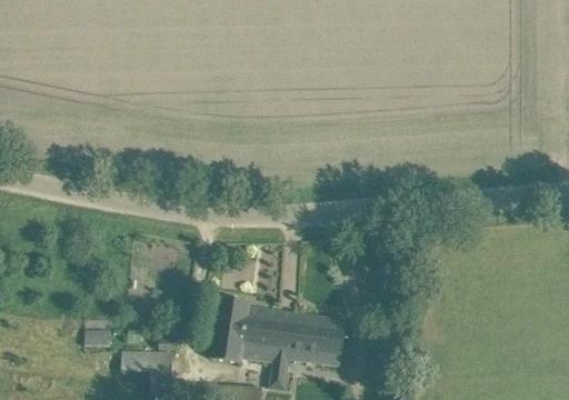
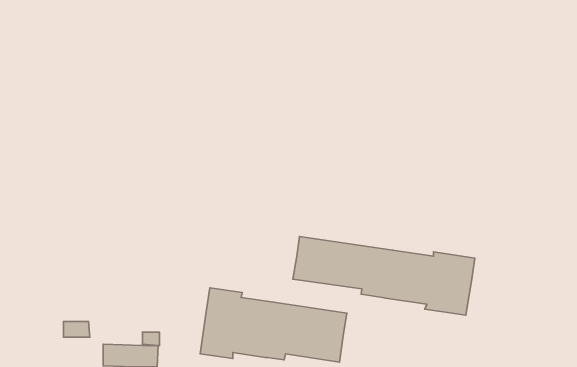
building: none -> [293,236,475,315]

